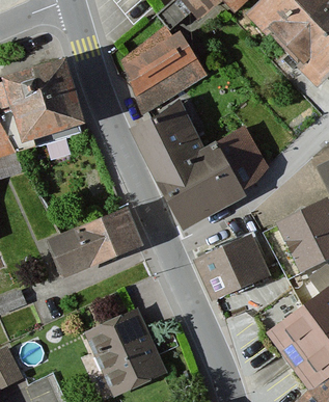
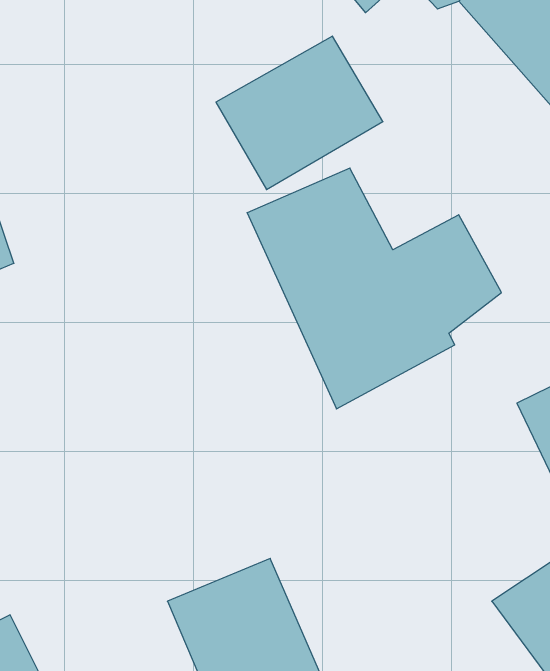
building: [6,62,85,146] -> none
building: [46,205,142,275] -> none
building: [197,233,273,298] -> none

